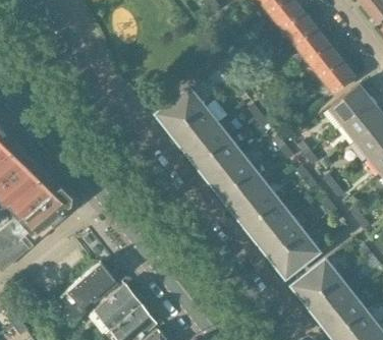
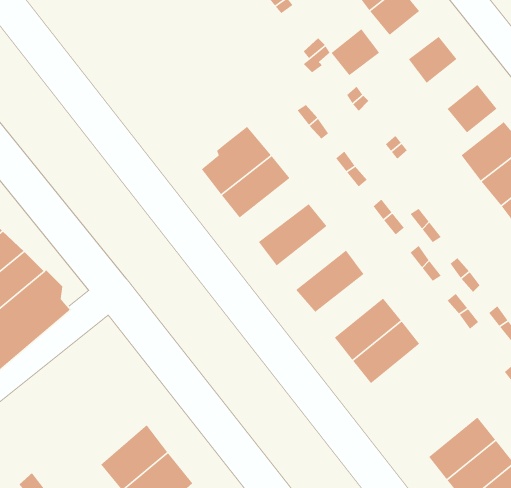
building: [284,13,317,45] -> [331,28,380,76]
building: [309,45,342,77] -> none
building: [185,123,231,165] -> none
building: [210,155,256,196] -> none
building: [235,186,280,228] -> none
building: [272,232,321,276] -> none
building: [295,261,342,306] -> none
building: [53,263,114,323] -> none

